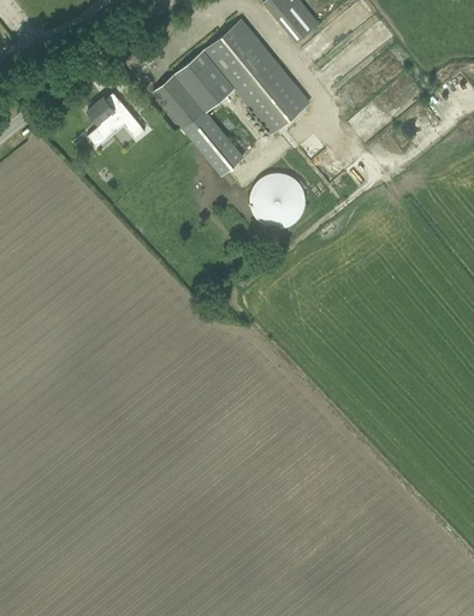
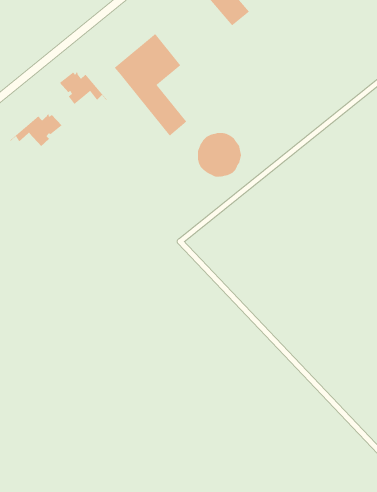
building: [203,20,309,135] -> none
building: none -> [9,109,63,147]

